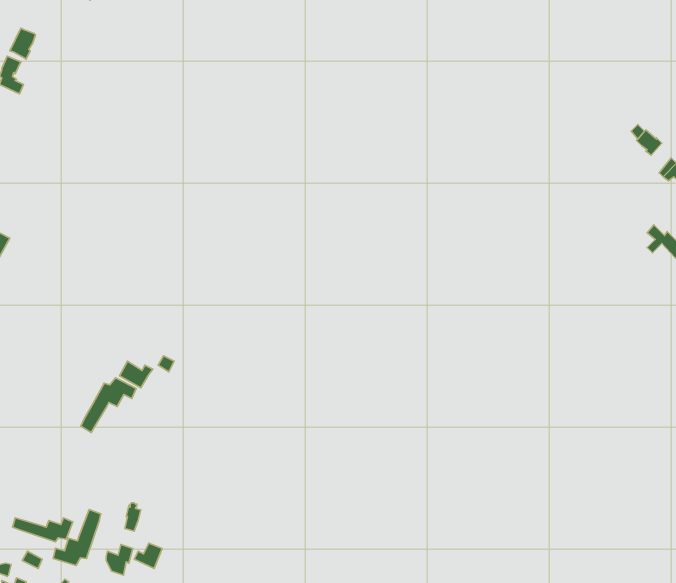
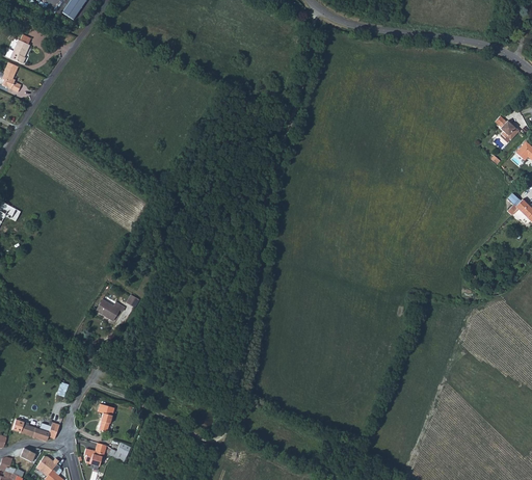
building: [81,378,136,432] -> none
building: [53,509,101,565] -> none

